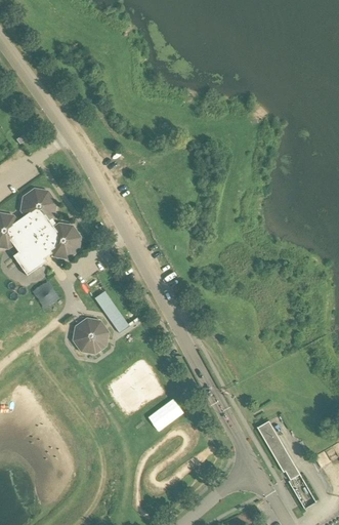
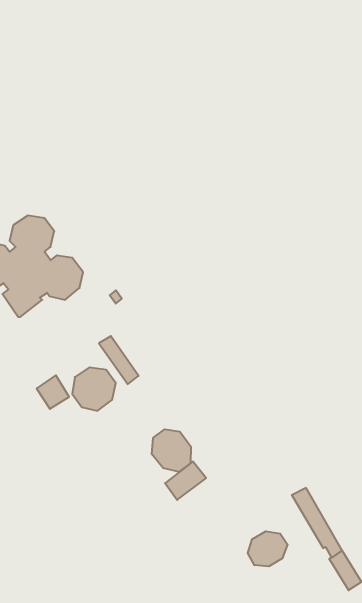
building: [33,280,60,309] -> [37,375,69,409]
building: none -> [152,429,191,472]
building: none -> [248,531,288,566]

